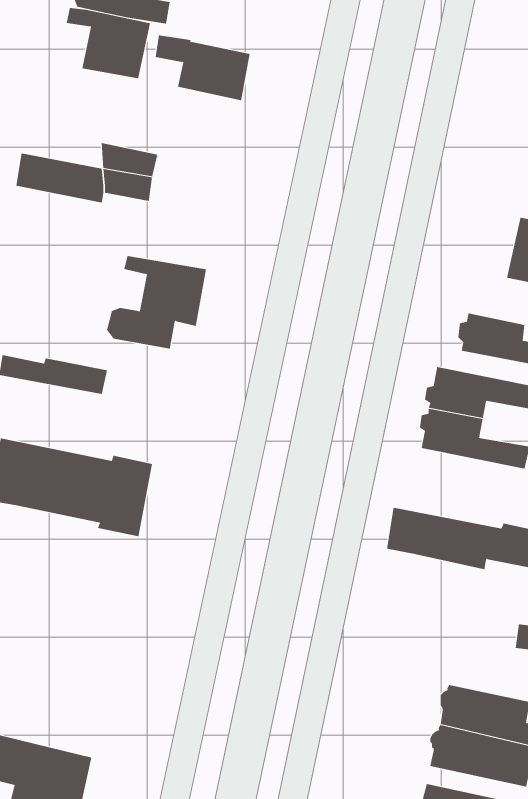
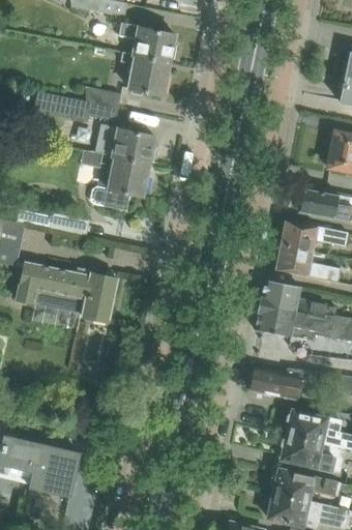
building: [66,8,151,79] -> [119,53,170,95]
building: none -> [94,124,156,163]
building: none -> [260,281,327,317]
building: none -> [250,367,318,400]

